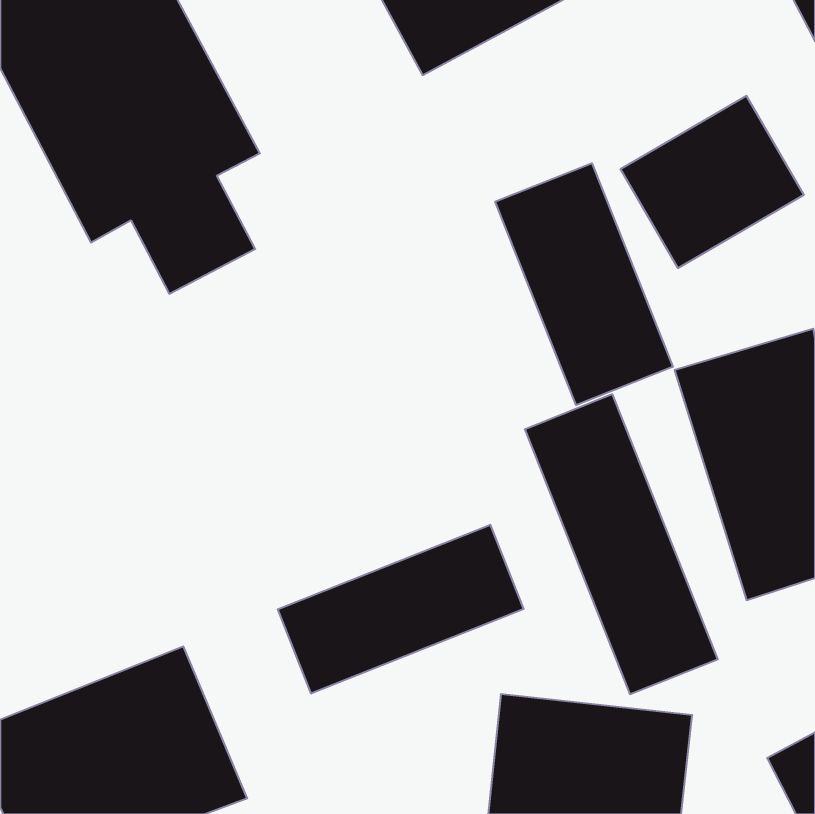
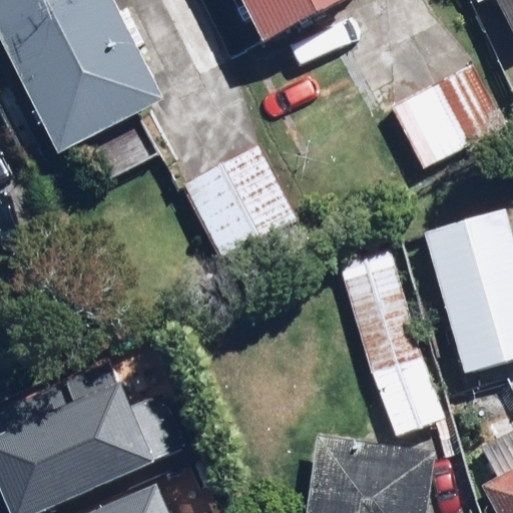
building: [495,163,673,405] -> none
building: none -> [181,142,301,263]
building: [278,525,524,694] -> none

